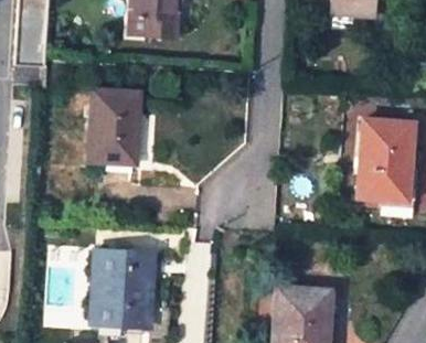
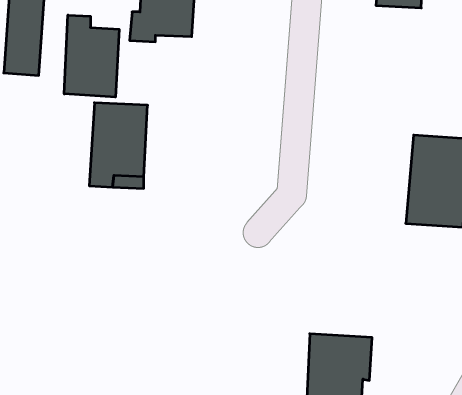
building: none -> [64,15,119,97]
building: [93,250,153,328] -> none

